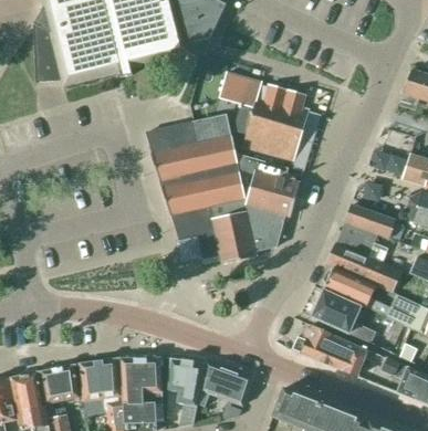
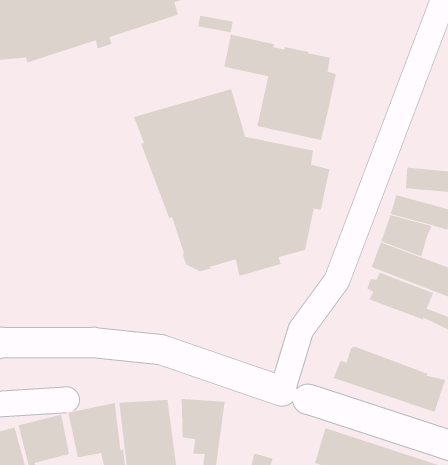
building: [312,290,376,343] -> none
building: [200,364,251,406] -> none

